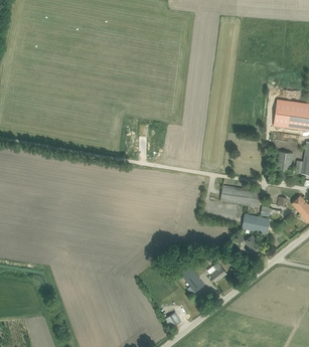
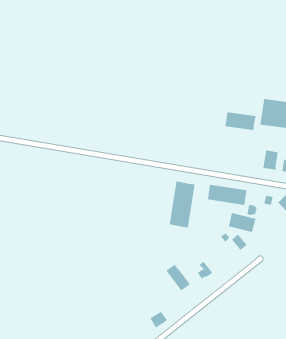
building: none -> [225,112,256,131]
building: none -> [169,180,195,228]

